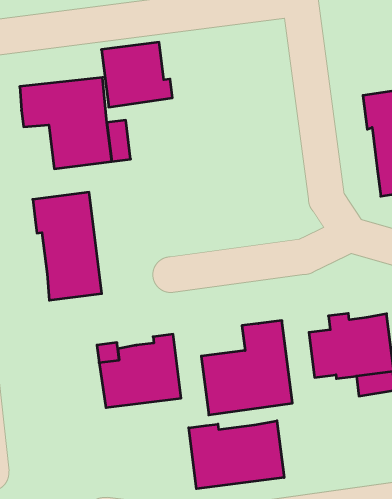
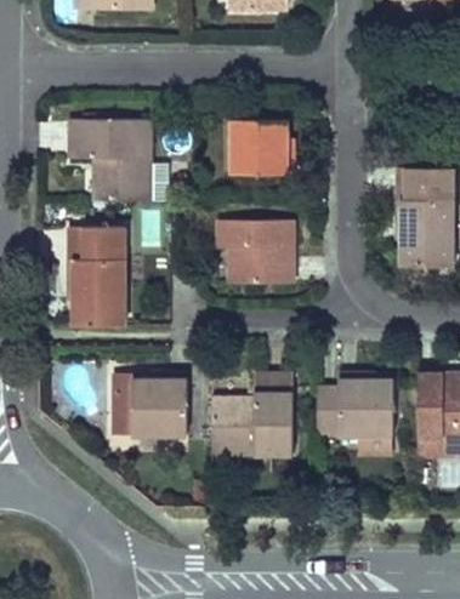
building: [101,42,172,107] -> [231,118,293,173]
building: none -> [217,218,293,283]
building: [189,421,284,489] -> none

